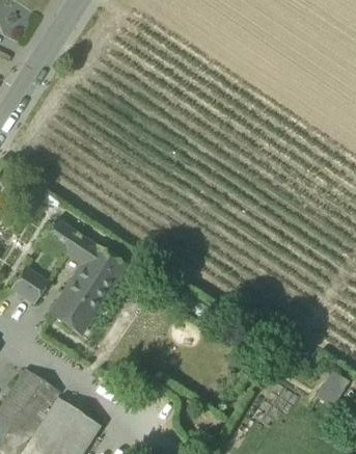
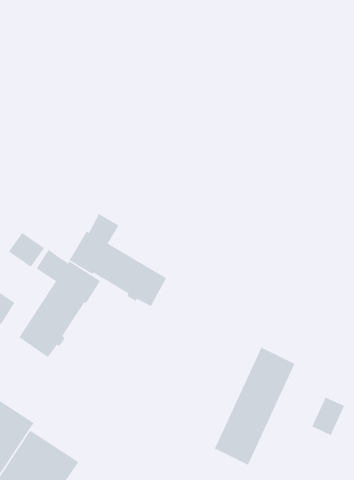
building: none -> [69,213,167,307]
building: none -> [214,347,295,465]

